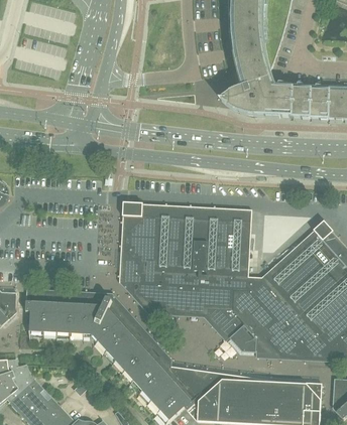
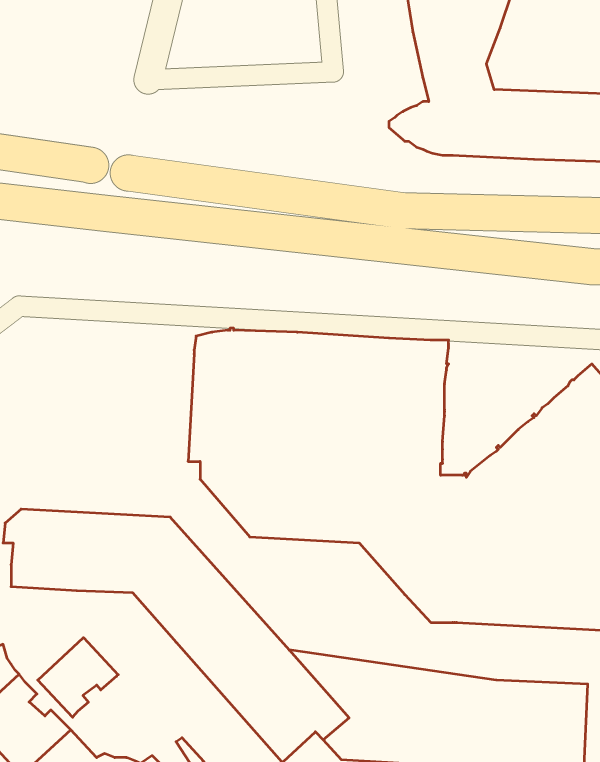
building: none -> [38,638,118,717]

